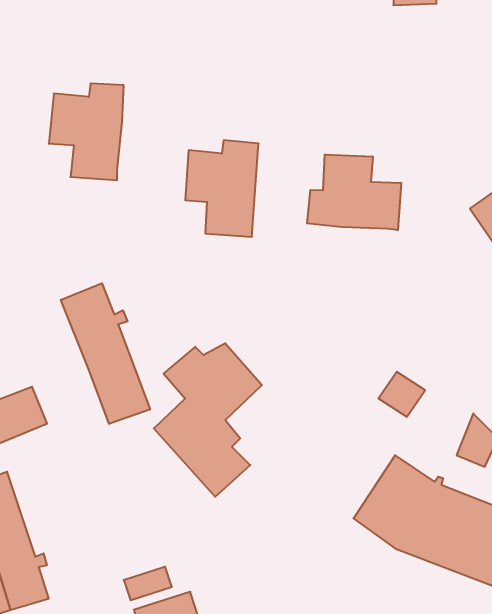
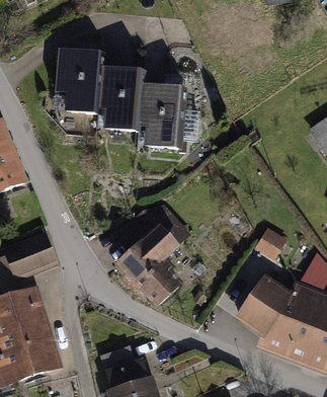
building: none -> [97,70,143,129]
building: [307,154,401,230] -> none
building: [61,283,150,424] -> none

